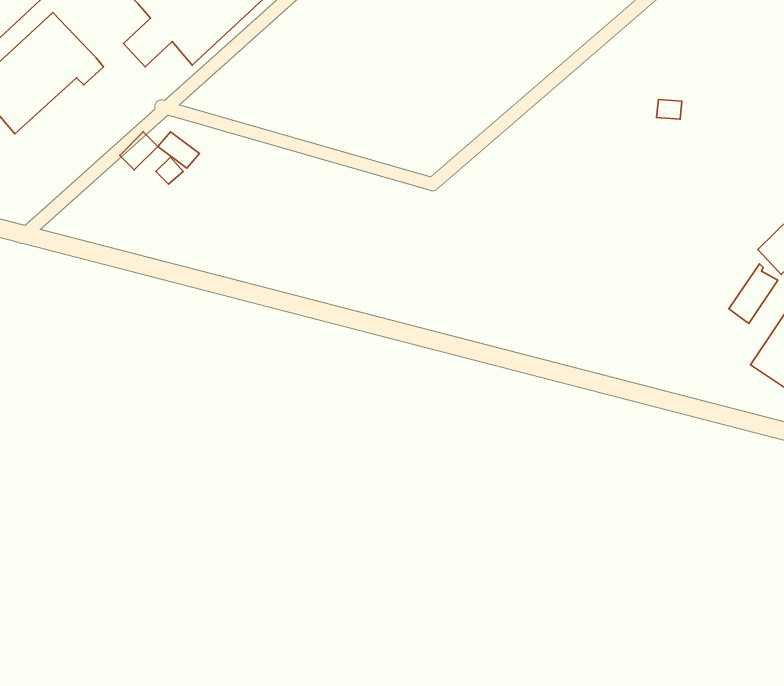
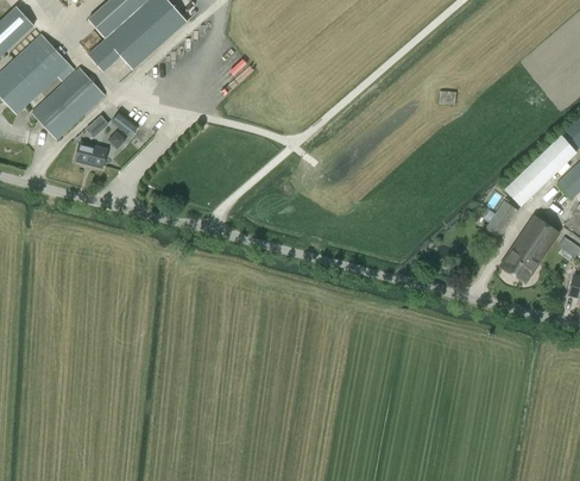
building: none -> [32,69,105,139]
building: none -> [76,143,107,168]

